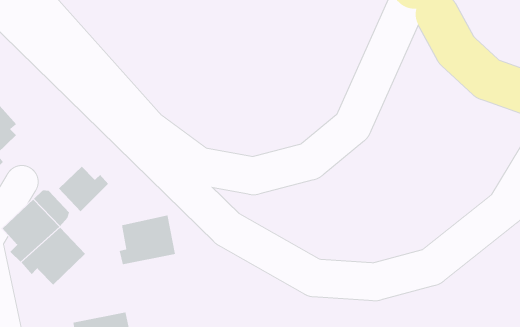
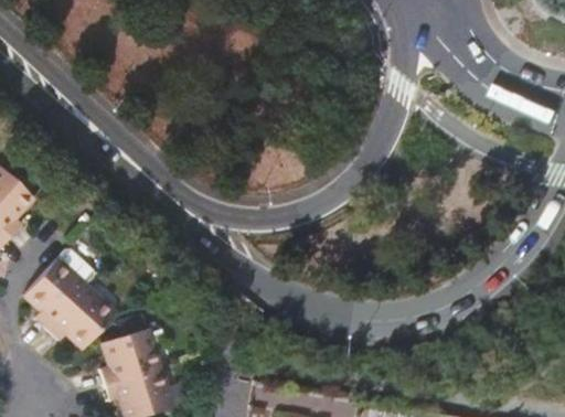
building: [58,166,109,212] -> none
building: [119,215,176,265] -> [100,330,159,385]

